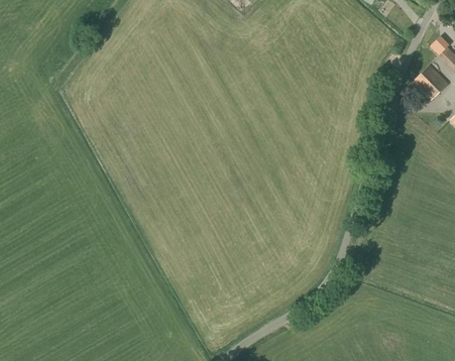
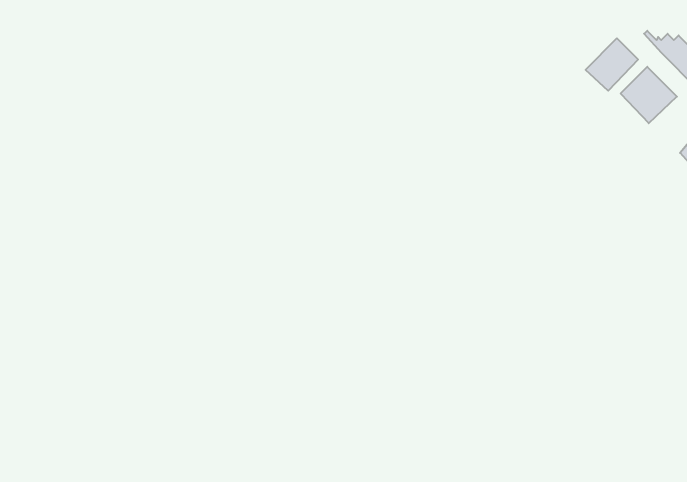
building: none -> [586,38,638,91]

